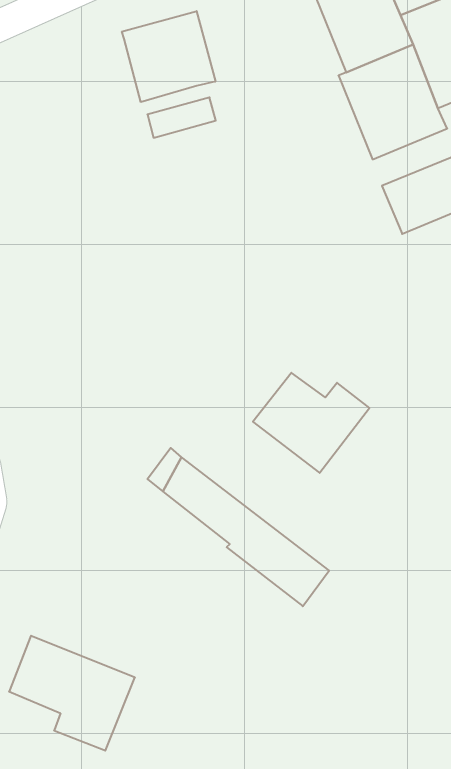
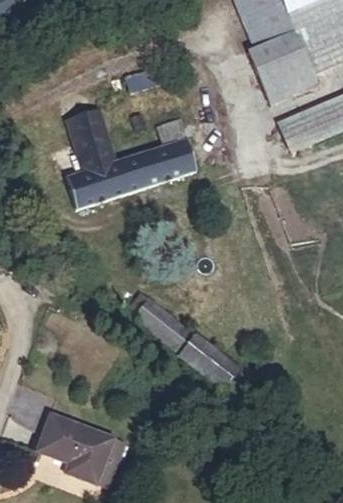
building: [122,11,215,102] -> none
building: none -> [66,109,195,206]
building: [253,373,369,473] -> none

